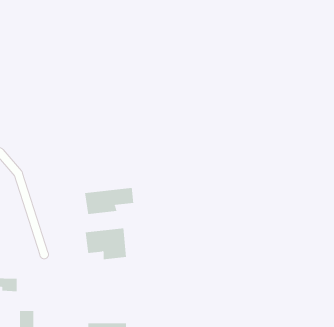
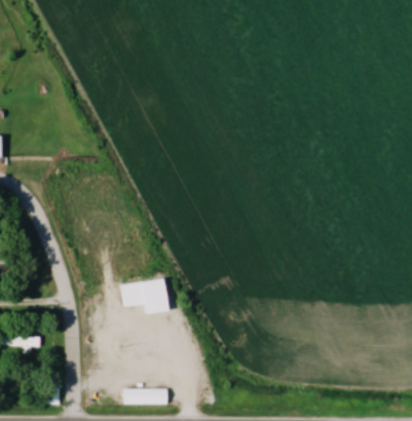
building: [85,187,134,215] -> none

